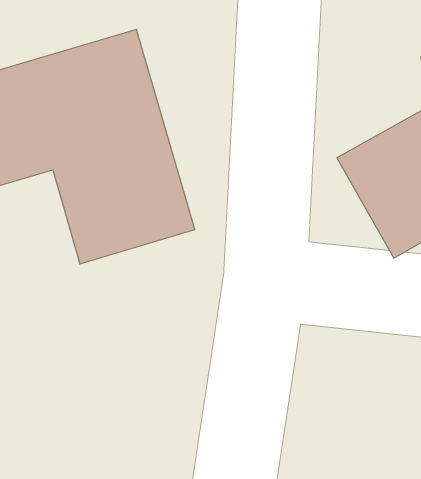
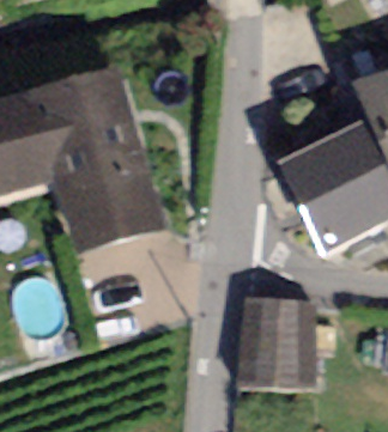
building: none -> [234,296,320,388]

